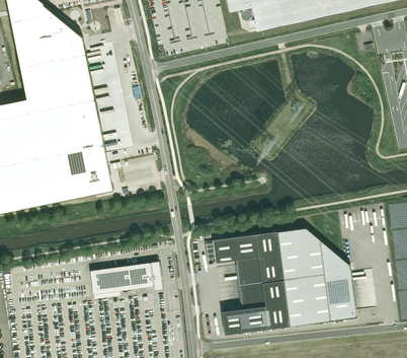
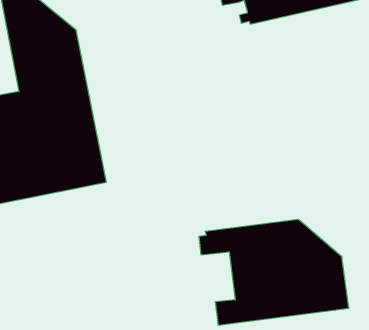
building: [89,262,162,295] -> none

